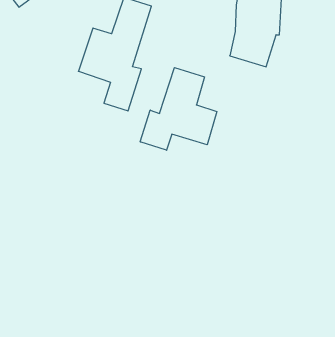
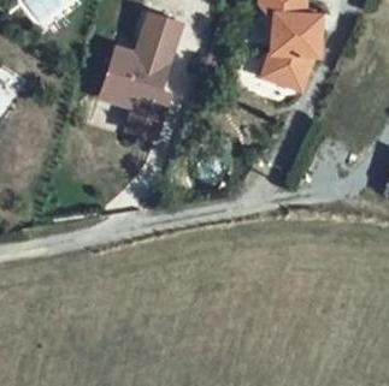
building: [140,68,217,150] -> none

